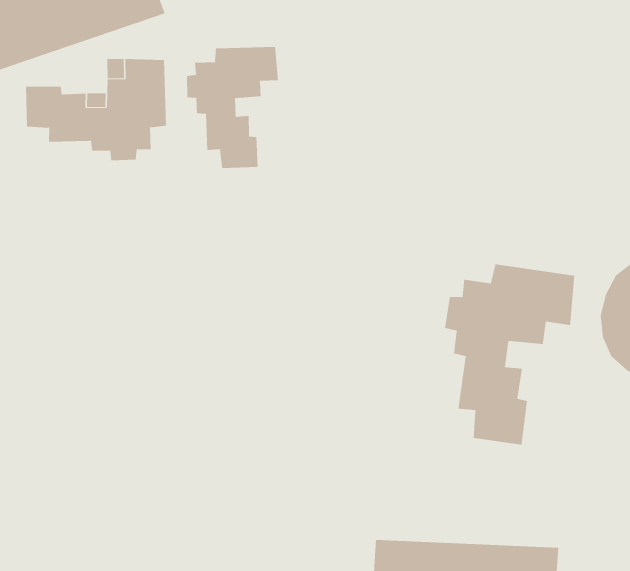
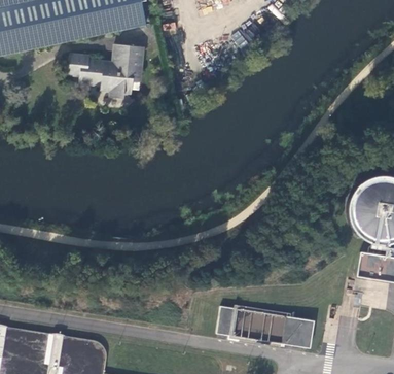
building: [186,46,279,169] -> none
building: [444,263,575,445] -> none

